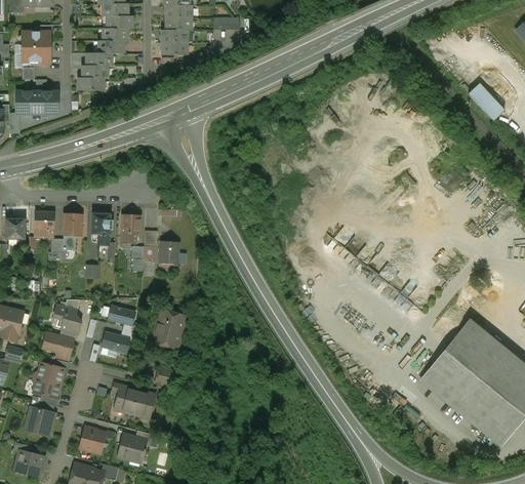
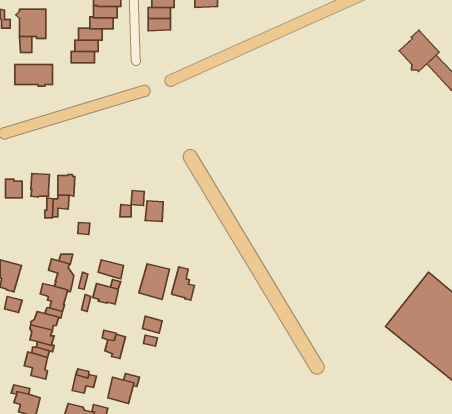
building: none -> [399,30,439,71]
building: [91,213,113,245] -> none
building: [122,214,140,243] -> none
building: none -> [172,267,194,300]
building: [131,390,156,416] -> none

